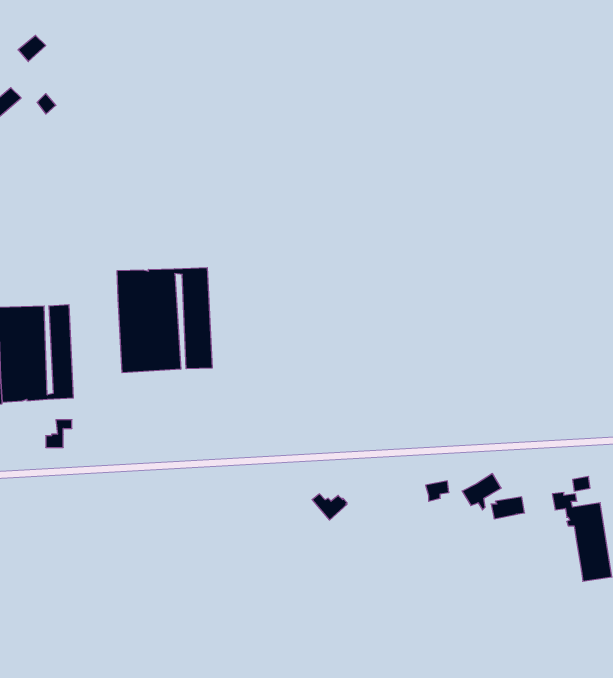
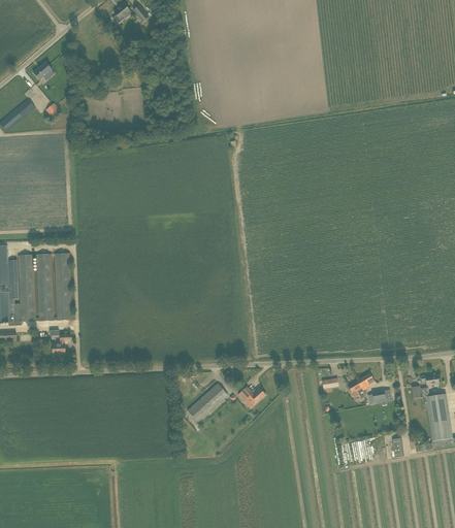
building: [117,268,212,373] -> none
building: none -> [188,383,228,422]

